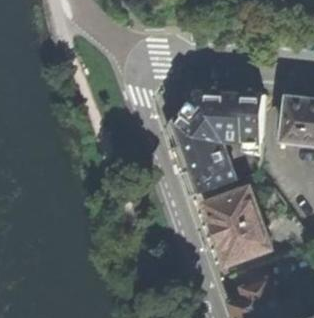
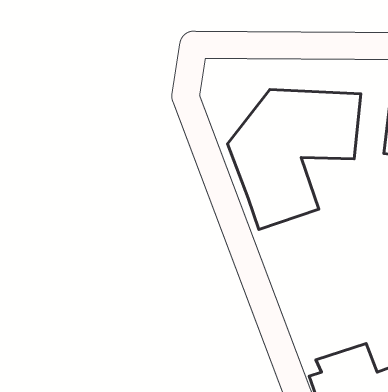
building: [205,188,273,265] -> none

